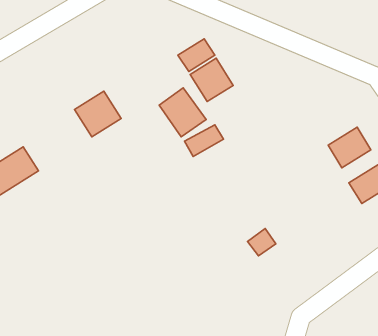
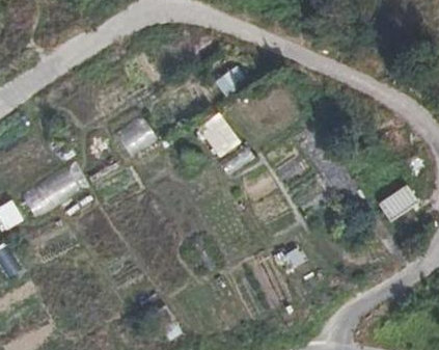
building: [190,58,233,101] -> none
building: [328,127,371,168] -> none

